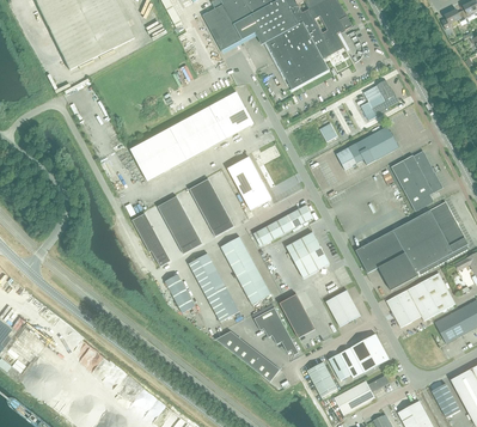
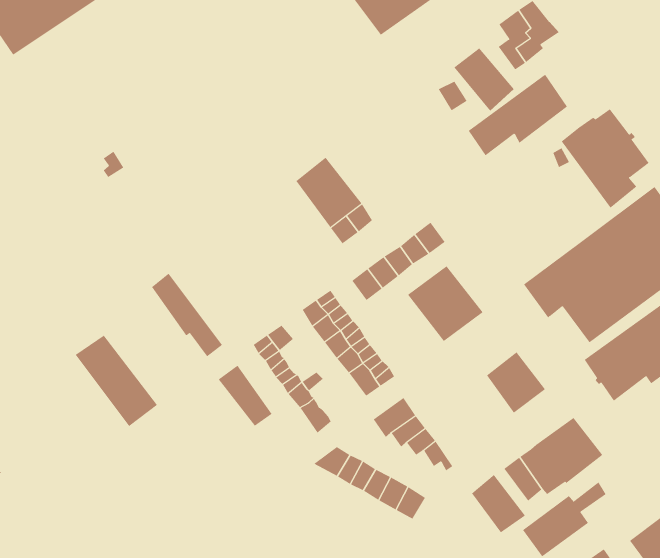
building: [130,91,255,181] -> none
building: none -> [454,48,514,111]
building: [190,177,234,234] -> none
building: [158,195,203,252] -> [75,335,158,427]
building: [280,293,316,336] -> none

